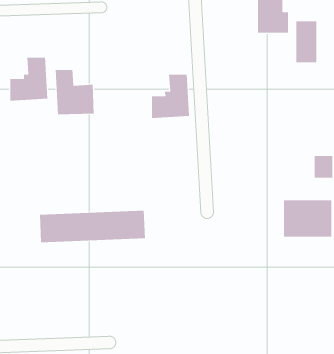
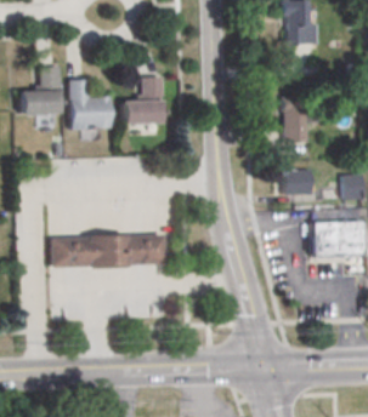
building: [296,21,317,63] -> [284,96,307,141]
building: [151,74,190,118] -> [121,78,163,125]
building: none -> [284,167,313,194]

